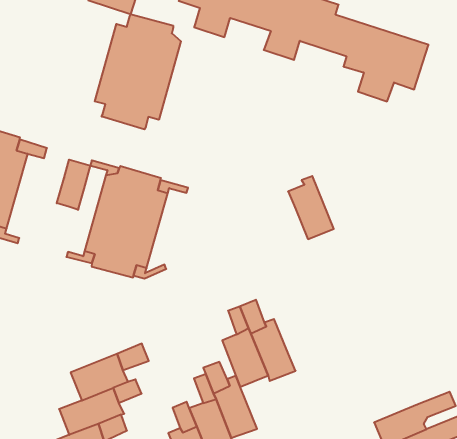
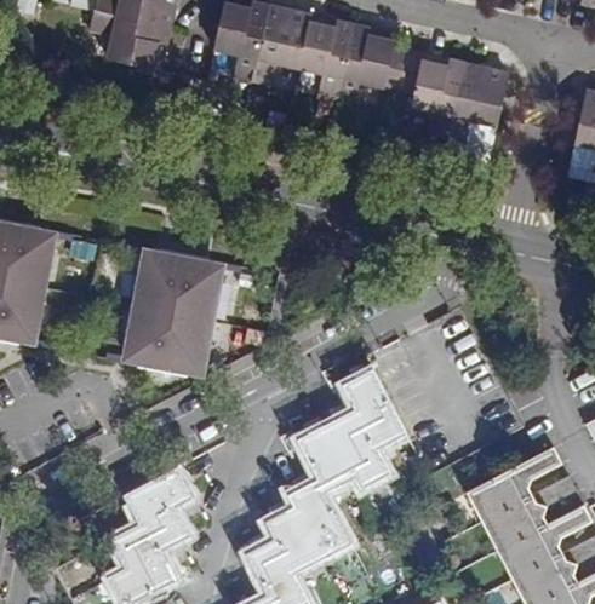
building: [95,14,181,129] -> none
building: [57,160,90,210] -> none
building: [288,176,334,239] -> [347,372,404,445]
building: none -> [469,447,563,520]

